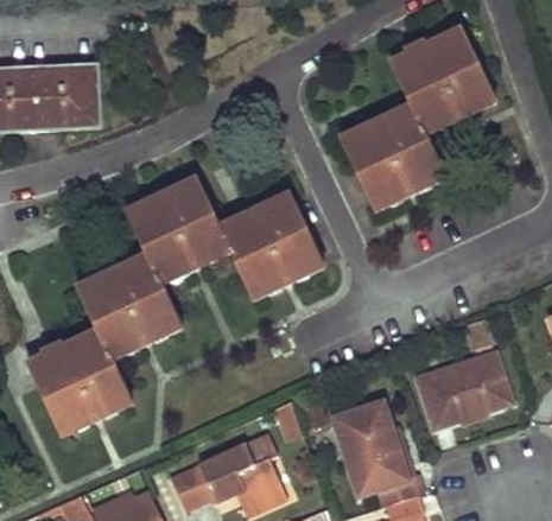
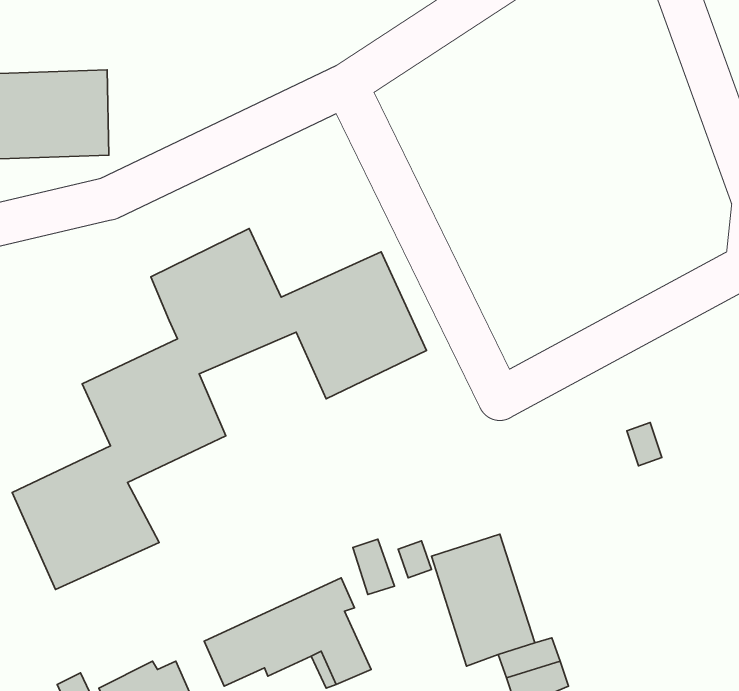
building: [343,30,495,209] -> none
building: [413,348,505,419] -> none

